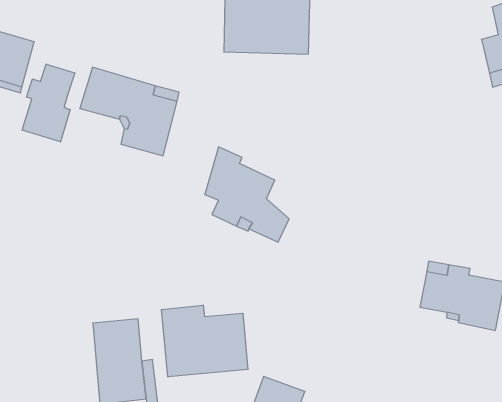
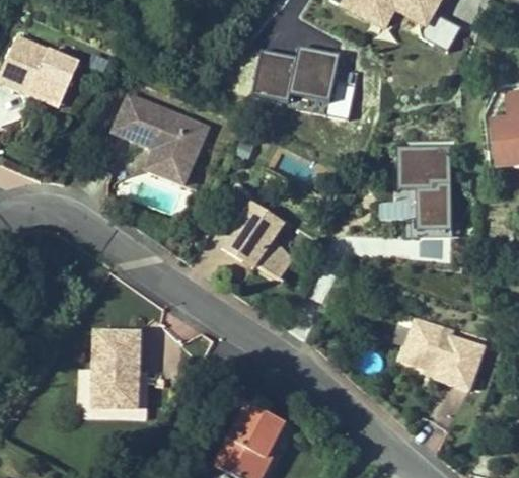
building: [22,64,75,142] -> none
building: none -> [390,143,449,235]
building: [162,305,248,377] -> none

